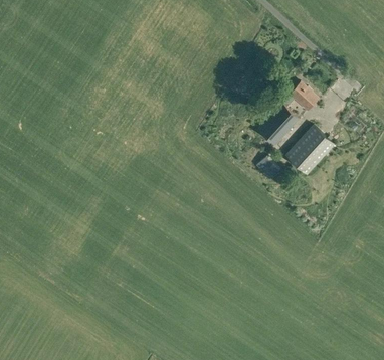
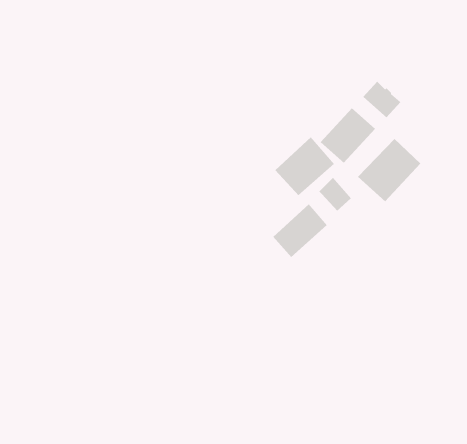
building: none -> [275,137,335,196]
building: none -> [272,203,328,258]

